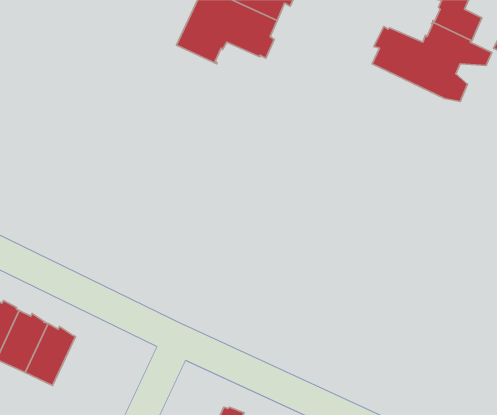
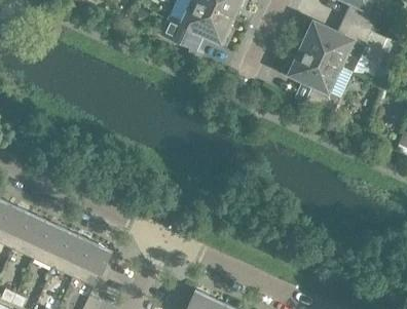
building: none -> [285,47,352,114]
building: none -> [72,241,110,286]

